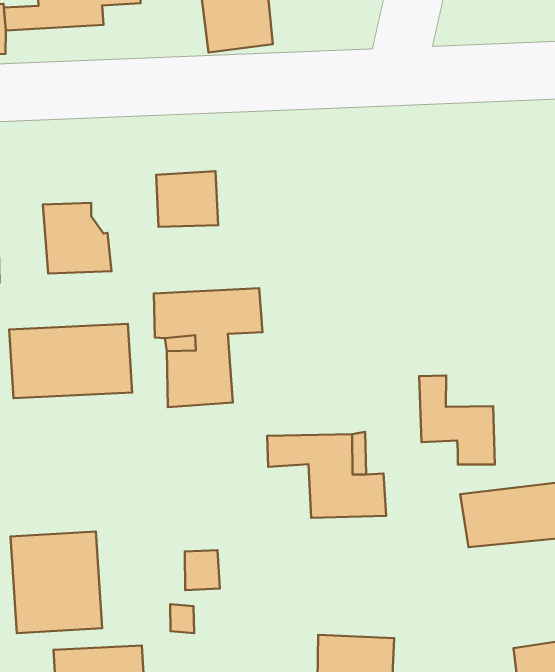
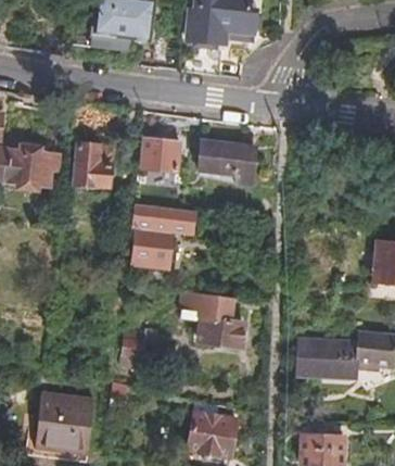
building: none -> [197,141,253,180]
building: [9,324,132,398] -> none
building: [419,376,495,465] -> none
building: [10,532,102,633] -> none

